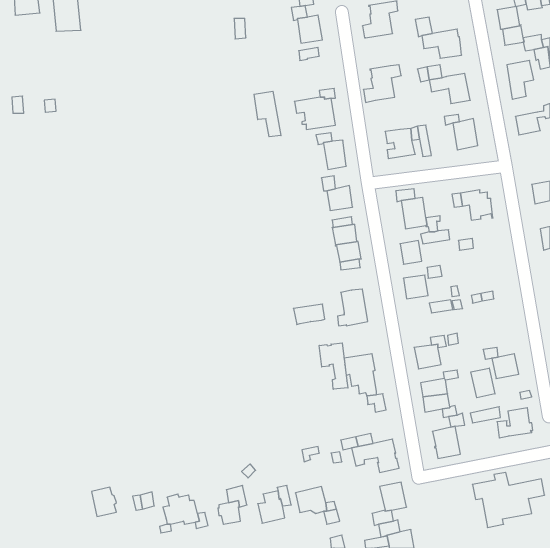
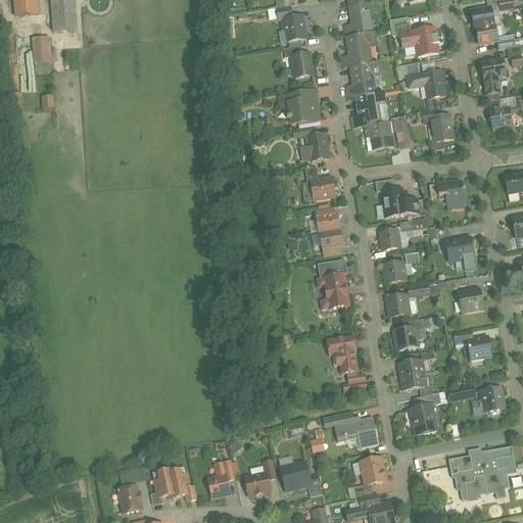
building: none -> [340,32,376,66]
building: none -> [32,35,50,61]
building: none -> [291,52,312,77]
building: [254,91,281,137] -> none
building: none -> [349,91,385,127]
building: none -> [444,235,476,269]
building: none -> [457,287,483,312]
building: [293,304,325,325] -> [317,258,346,278]
building: none -> [386,293,410,317]
building: [319,343,348,389] -> none
building: [471,368,495,398] -> none
building: [92,487,116,516] -> [117,485,141,513]

